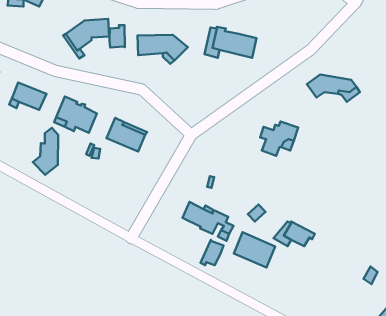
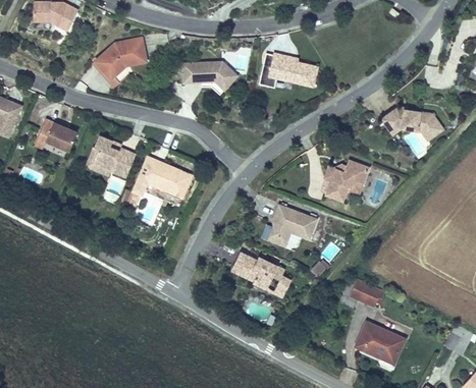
building: [109,25,125,47] -> none
building: [33,128,58,175] -> none
building: none -> [271,206,319,247]
building: [234,232,275,268] -> [356,319,404,359]
building: [201,240,223,265] -> none

